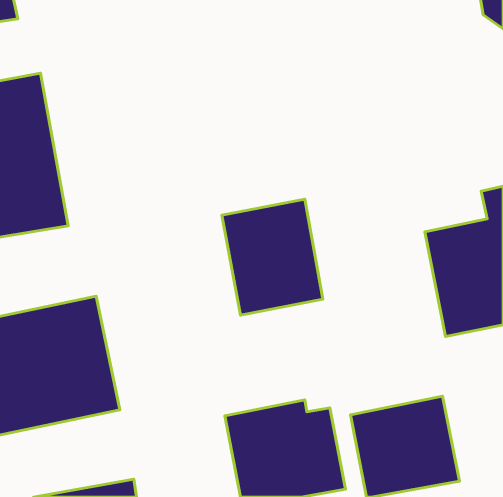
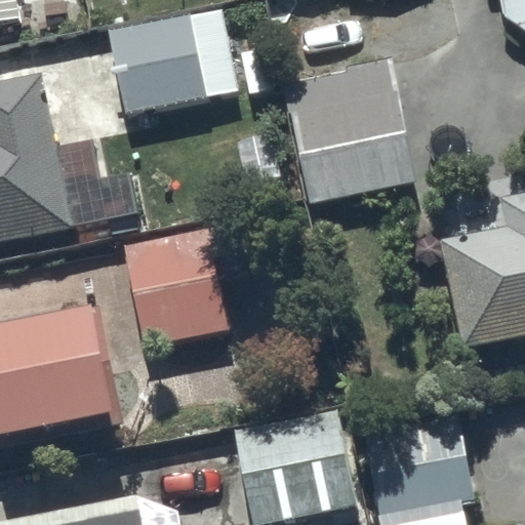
building: none -> [108,6,239,113]
building: none -> [281,52,416,205]
building: [222,199,323,315] -> [125,229,230,349]

